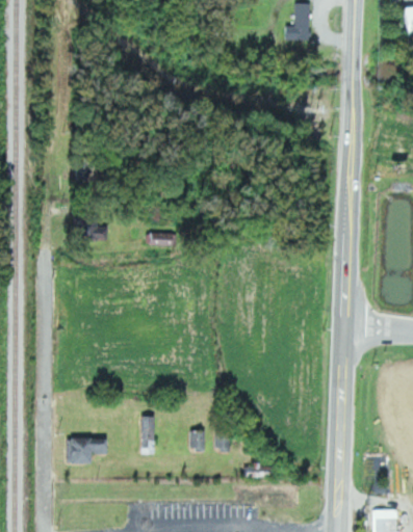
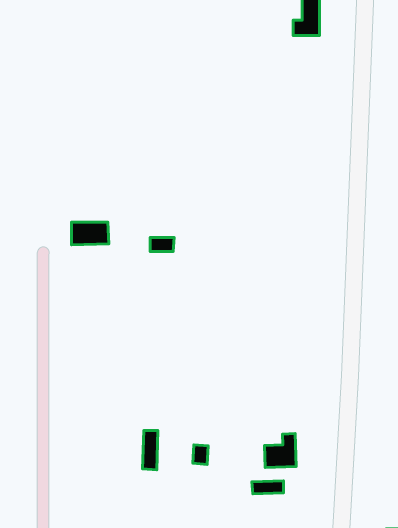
building: none -> [264,434,296,467]
building: [67,437,108,462] -> none

